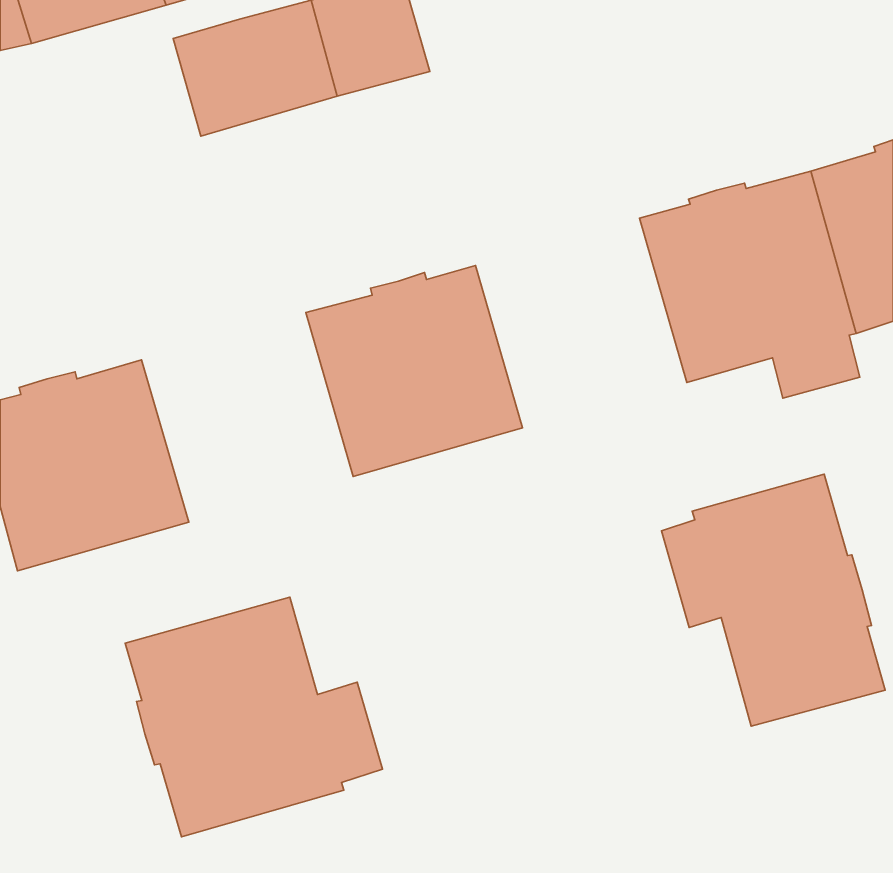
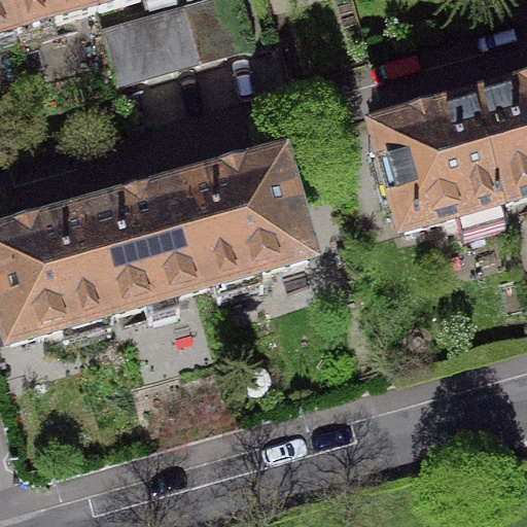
building: none -> [83,184,208,308]
building: [662,474,885,726] -> none
building: [125,597,383,837] -> none

